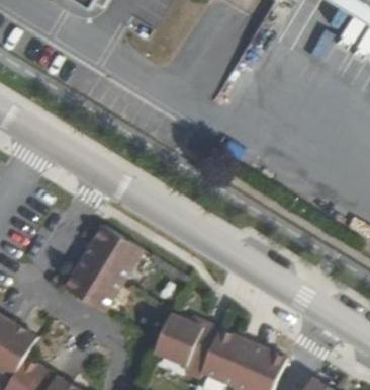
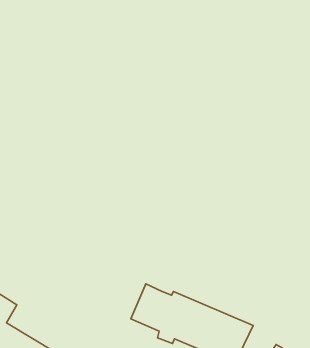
building: [61,225,138,312] -> none

